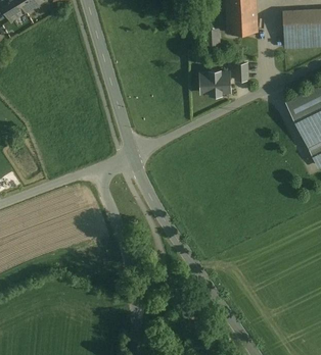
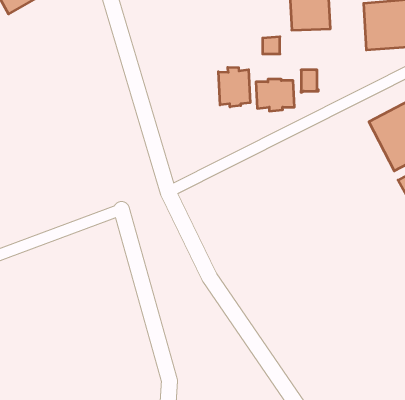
building: none -> [218,67,250,107]

